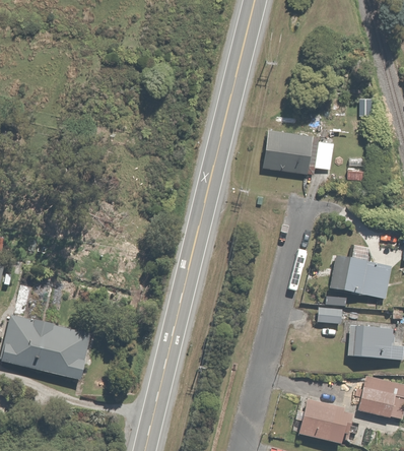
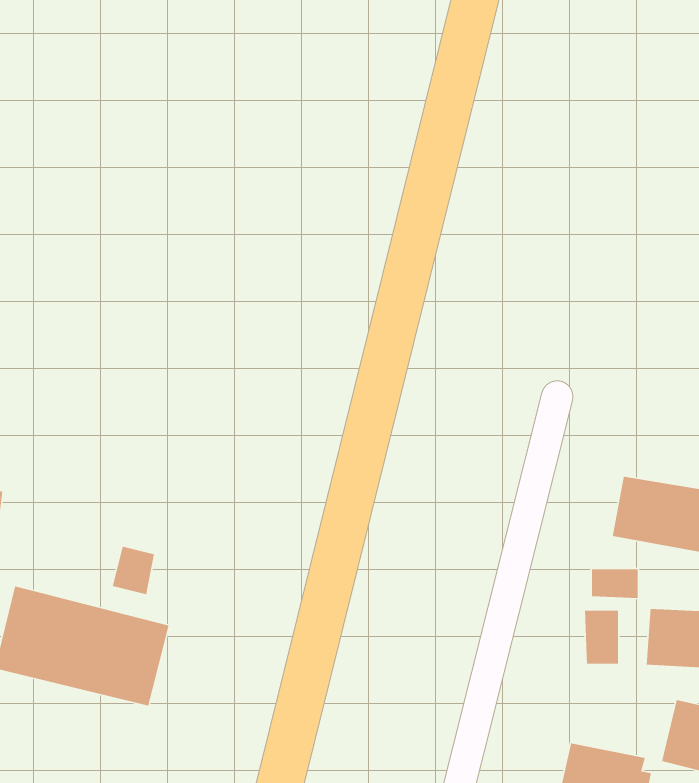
building: [263,127,334,173] -> none
building: none -> [112,546,155,595]
building: none -> [584,610,619,664]

